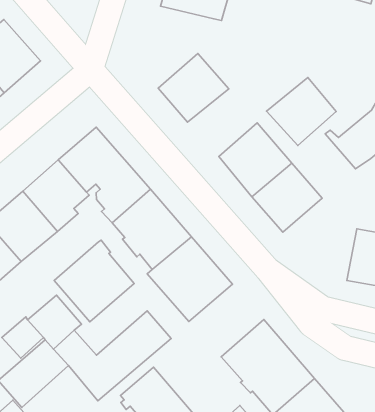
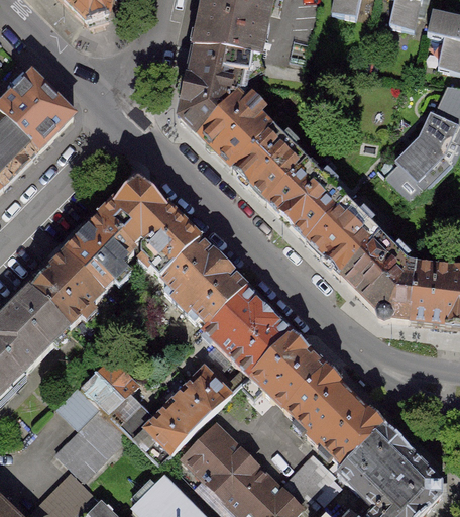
building: none -> [180,46,251,132]
building: [267,77,336,145] -> [232,127,305,199]
building: none -> [340,234,417,318]
building: [54,240,134,322] -> none
building: none -> [249,331,327,408]

